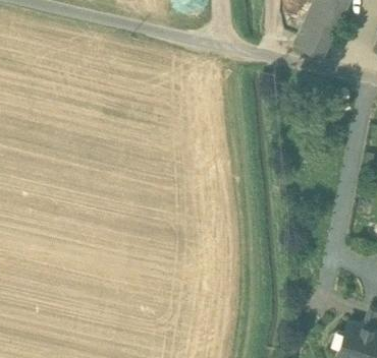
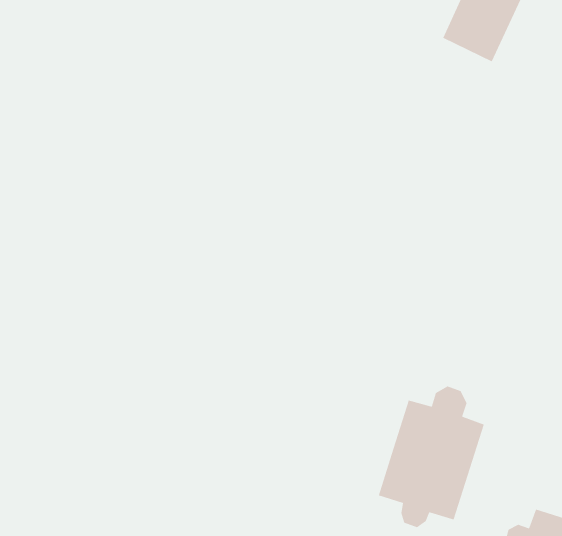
building: none -> [378,385,485,528]

